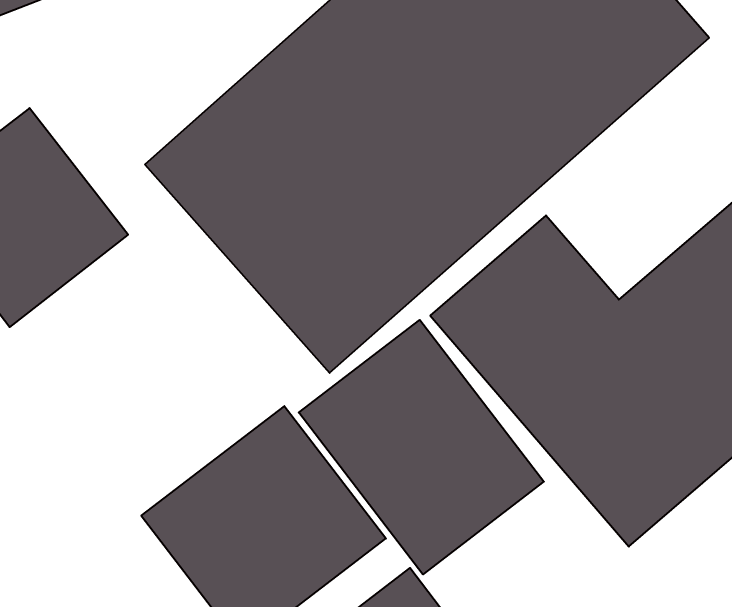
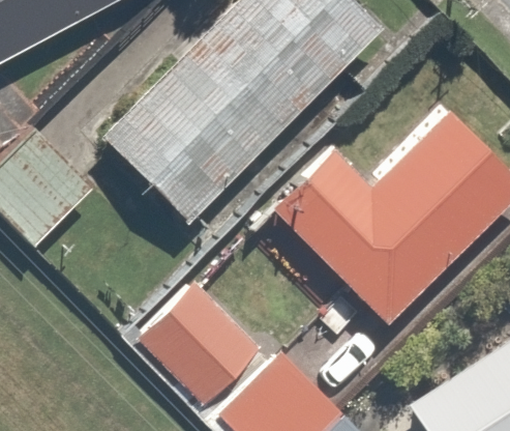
building: [299,320,544,574] -> none

